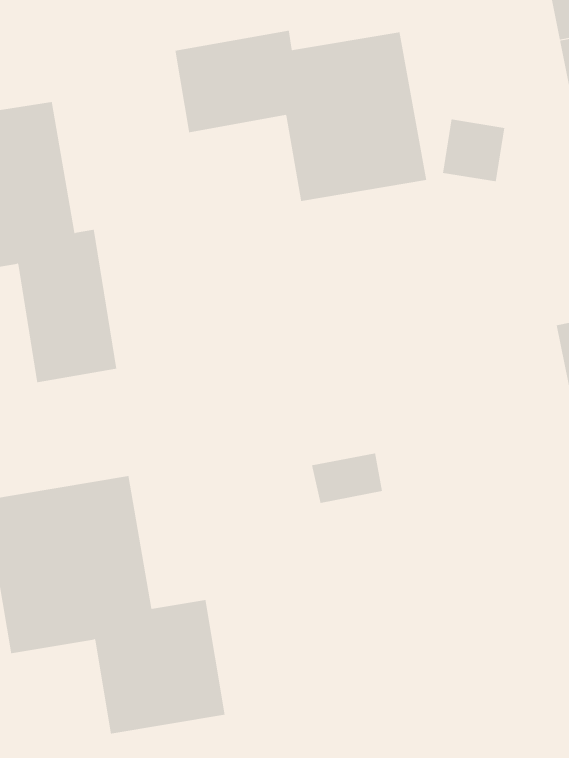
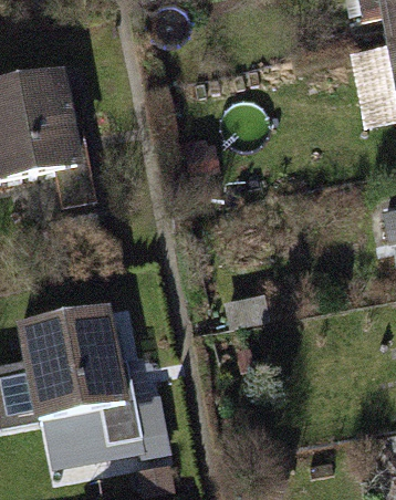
building: [175,30,427,202] -> none

